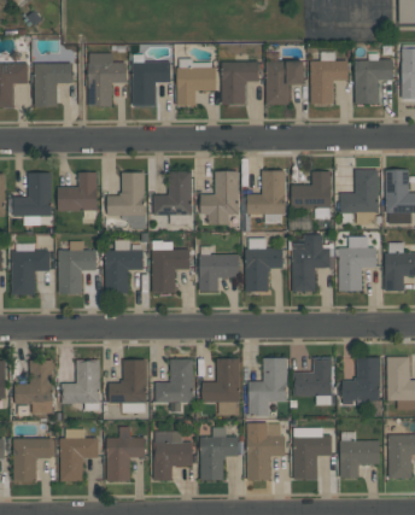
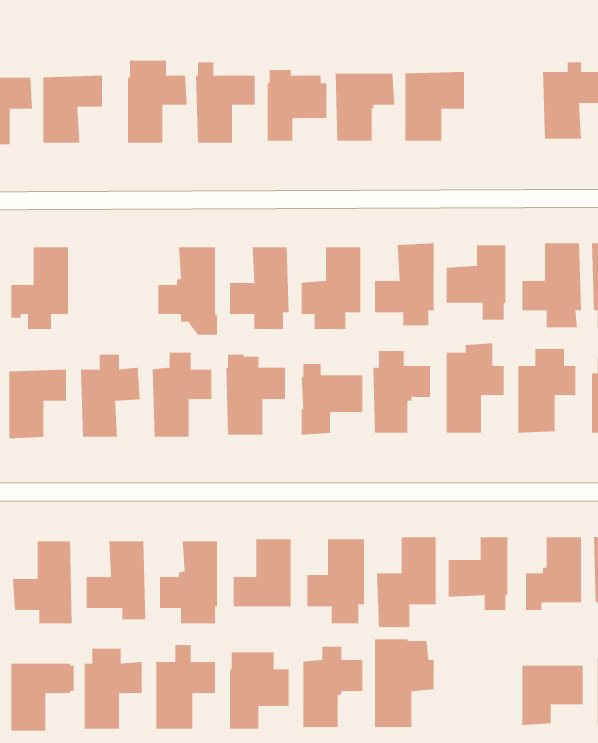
building: [310,52,347,104] -> none
building: [58,172,97,218] -> none
building: [293,428,332,480] -> none

